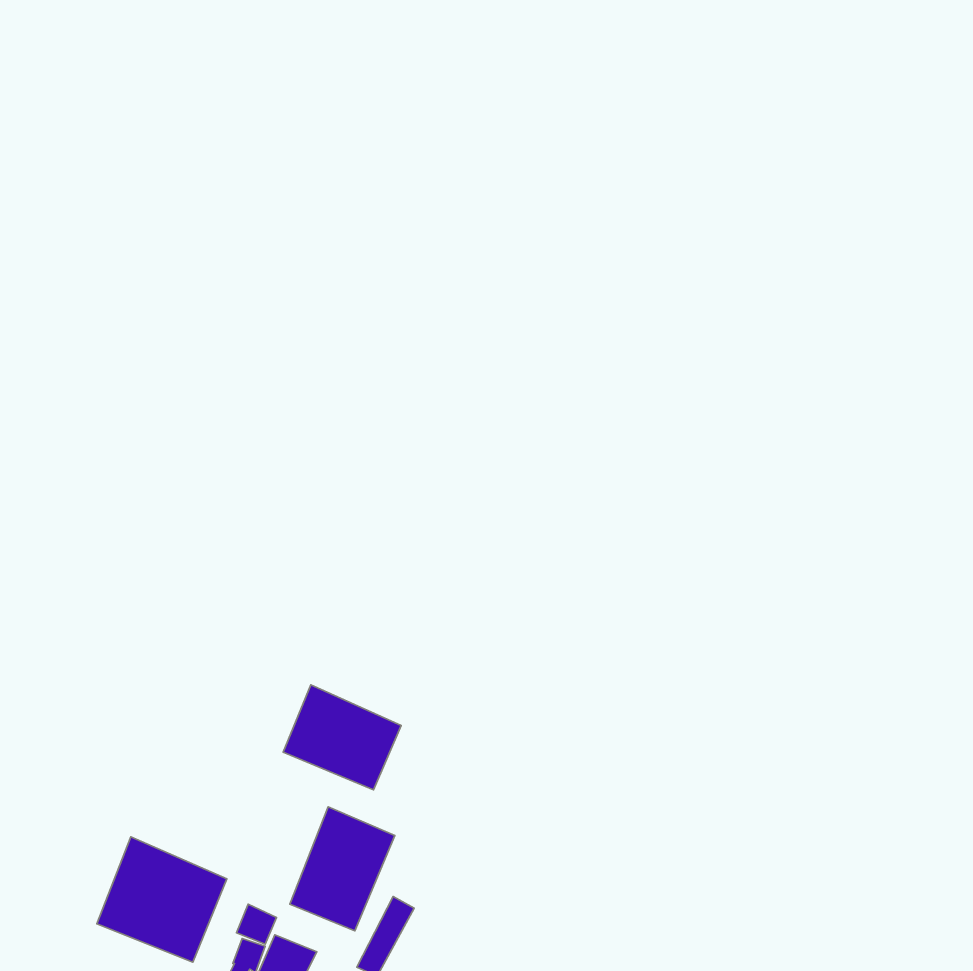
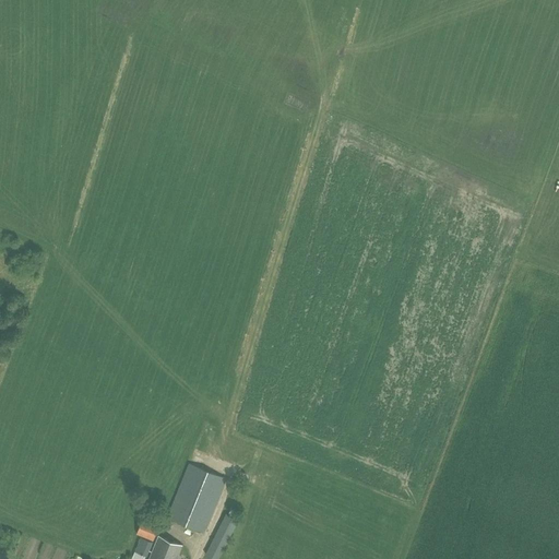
building: [283,685,401,790] -> none
building: [97,837,227,962] -> none

